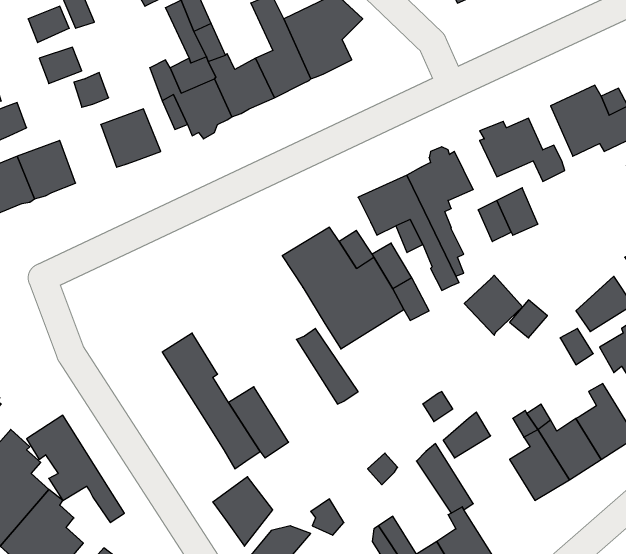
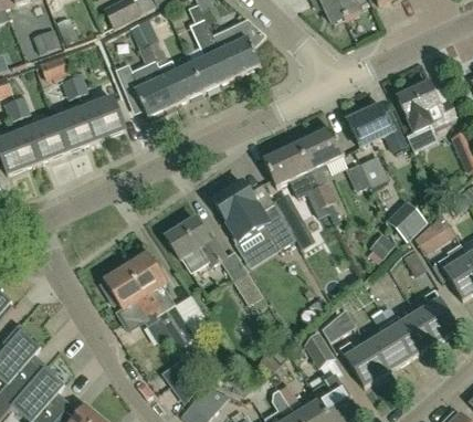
building: none -> [54,108,94,149]
building: none -> [406,122,441,151]
building: [464,275,523,335] -> [387,199,428,241]
building: none -> [165,218,225,271]
building: [27,415,124,523] -> [101,267,169,342]
building: none -> [339,341,387,386]

